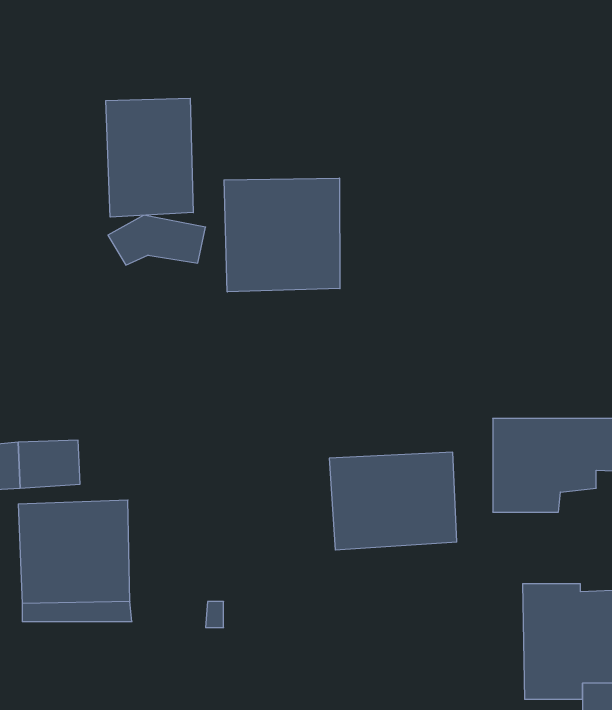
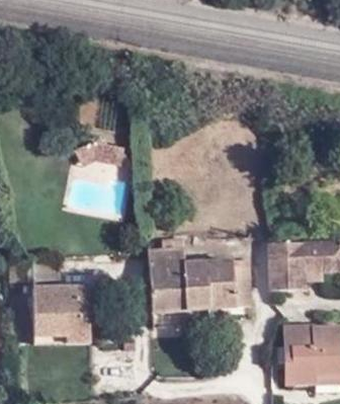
building: [106,98,193,217] -> none
building: [224,178,340,292] -> none
building: none -> [150,240,189,313]

